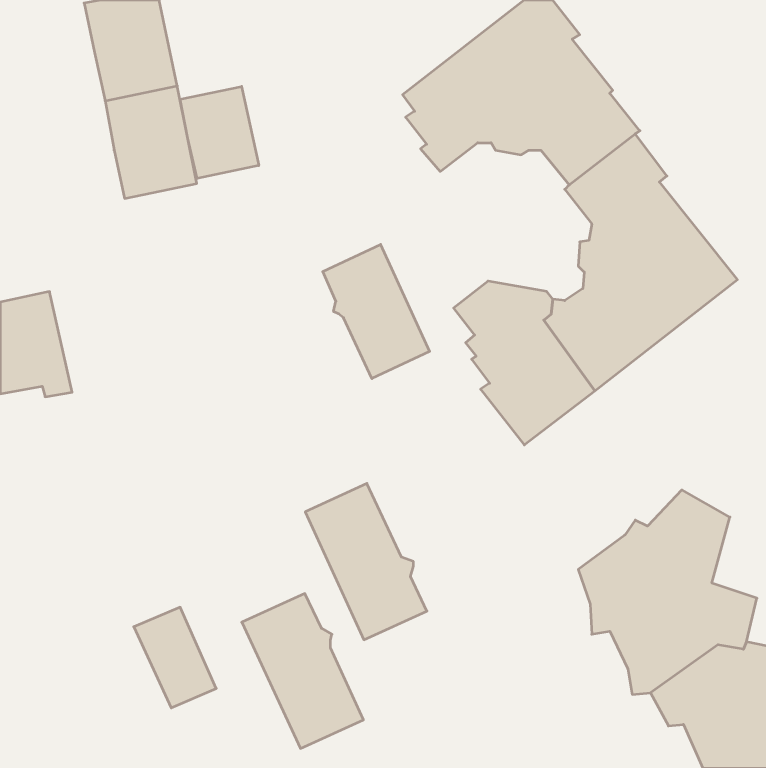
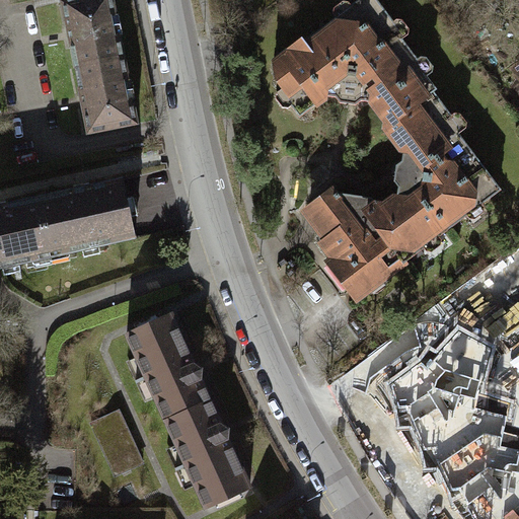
building: [180,86,259,178] -> none
building: [323,244,430,379] -> none
building: none -> [34,178,132,265]
building: [305,483,427,640] -> [125,314,207,420]

